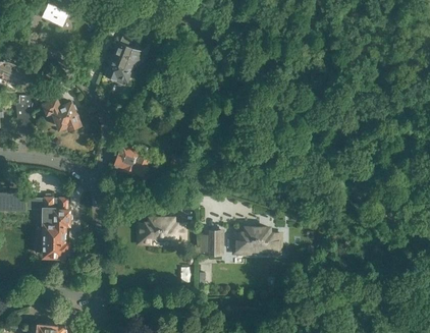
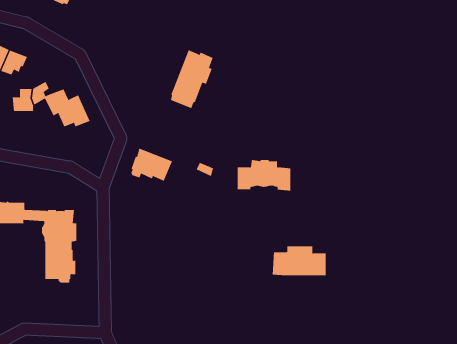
building: [106,36,143,86] -> [170,49,214,109]
building: [139,219,184,245] -> [237,160,291,191]
building: [205,230,223,257] -> none

